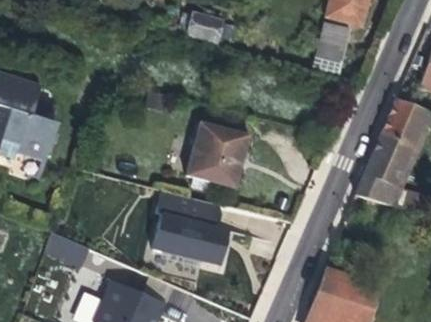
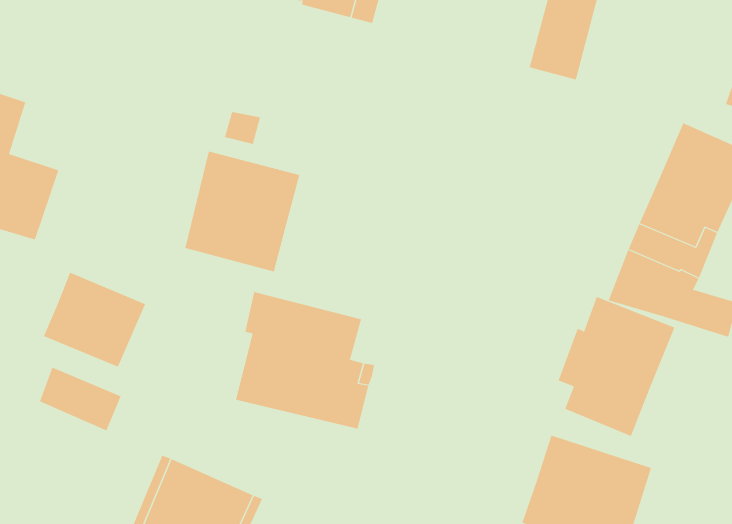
building: [186,122,249,188] -> [184,151,300,272]
building: none -> [43,272,146,368]
building: none -> [558,296,675,437]

